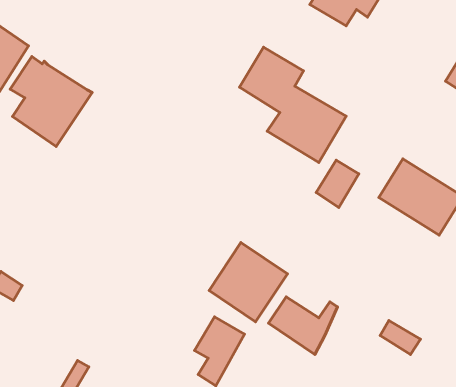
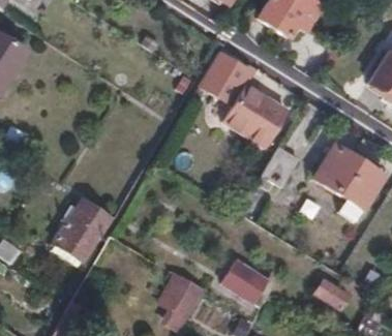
building: [10,56,92,146] -> none
building: none -> [50,197,109,259]
building: [209,243,288,322] -> none

